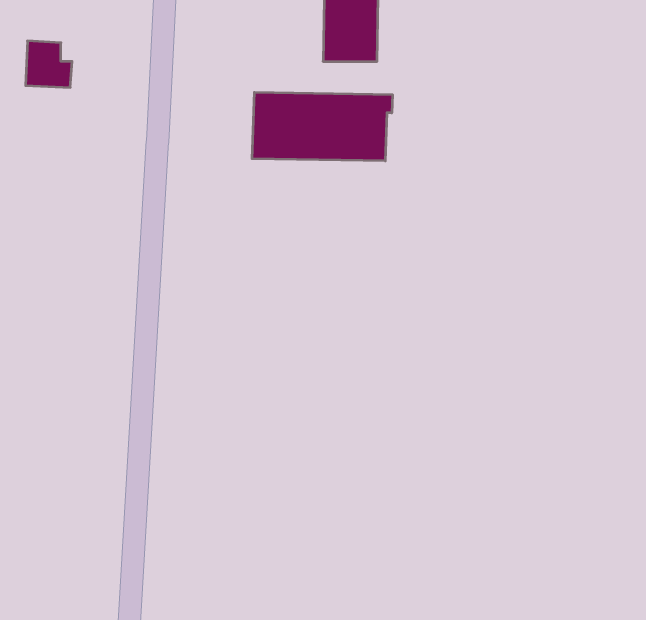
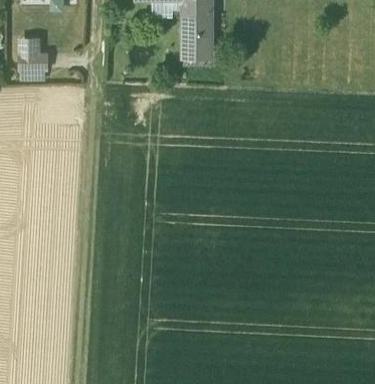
building: [252,92,392,161] -> none

